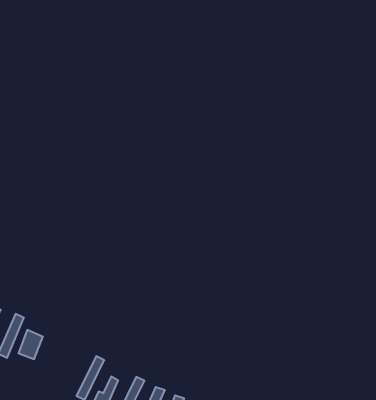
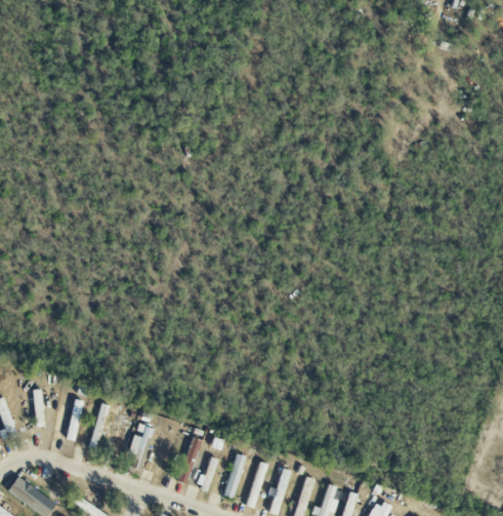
building: none -> [130,425,154,470]

